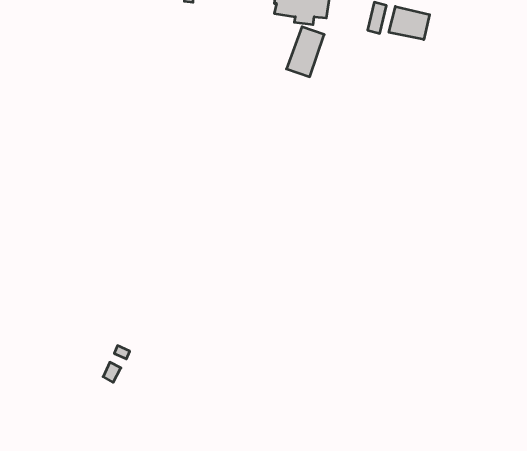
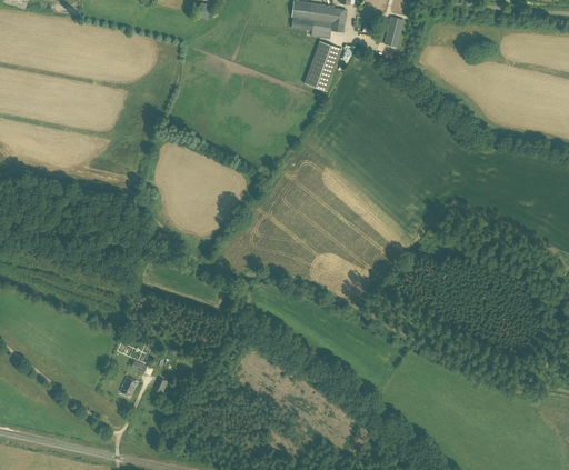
building: [389,6,430,40] -> none

